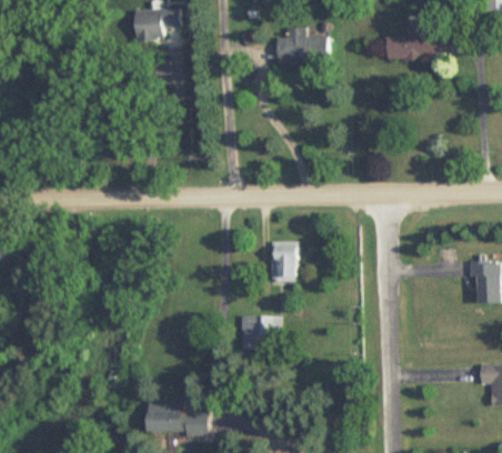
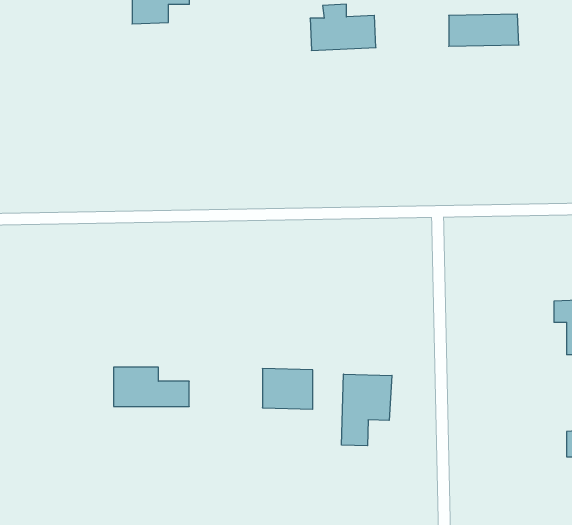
building: [269,242,299,282] -> none
building: none -> [342,374,392,446]
building: [148,401,208,432] -> [114,367,189,406]

